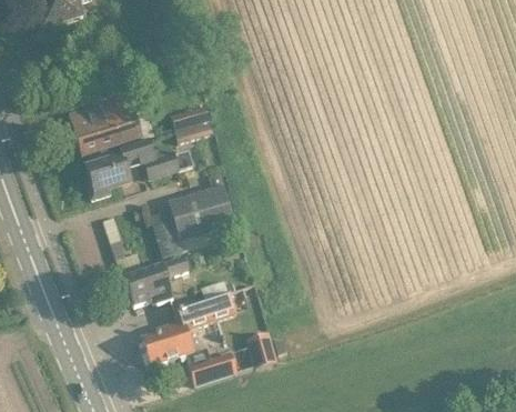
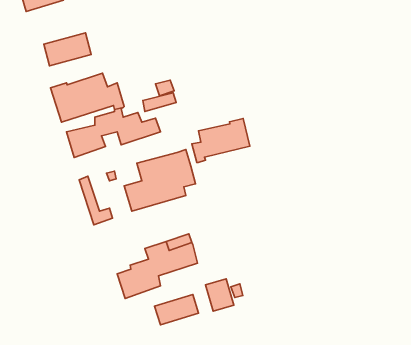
building: none -> [44,33,91,66]
building: none -> [192,119,250,163]
building: [125,259,188,305] -> none

